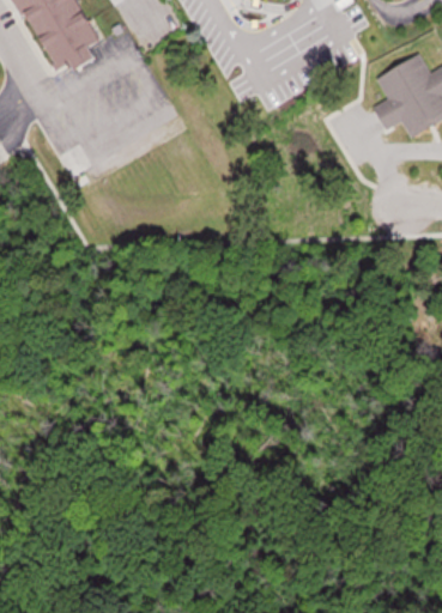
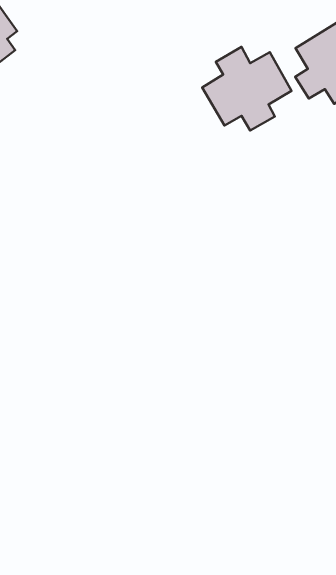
building: none -> [202,47,291,131]

